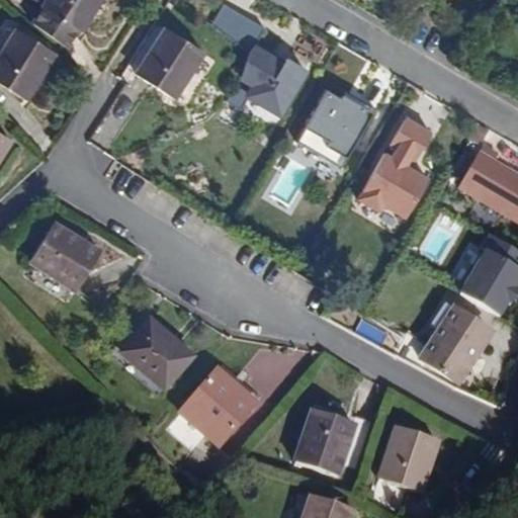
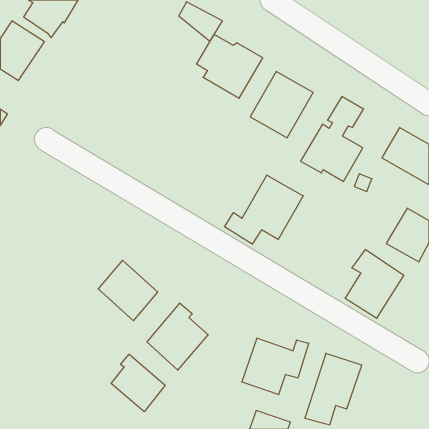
building: [134,26,200,95] -> none
building: none -> [224,175,303,244]
building: [27,219,98,286] -> none
building: none -> [111,354,165,412]

